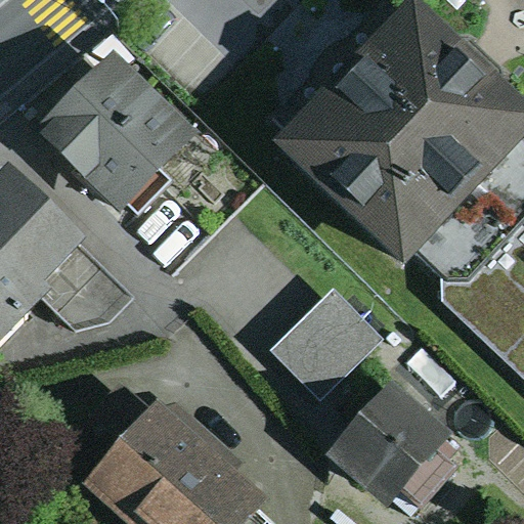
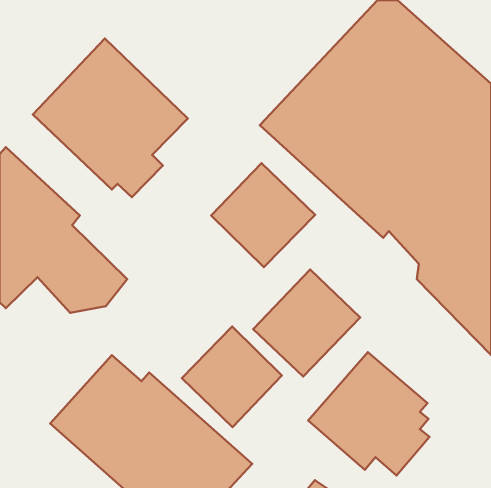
building: none -> [211,163,315,267]
building: none -> [182,327,282,427]

